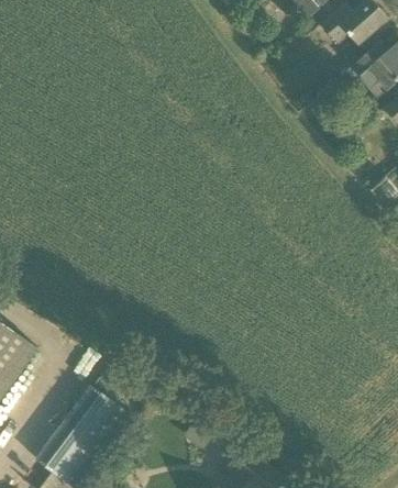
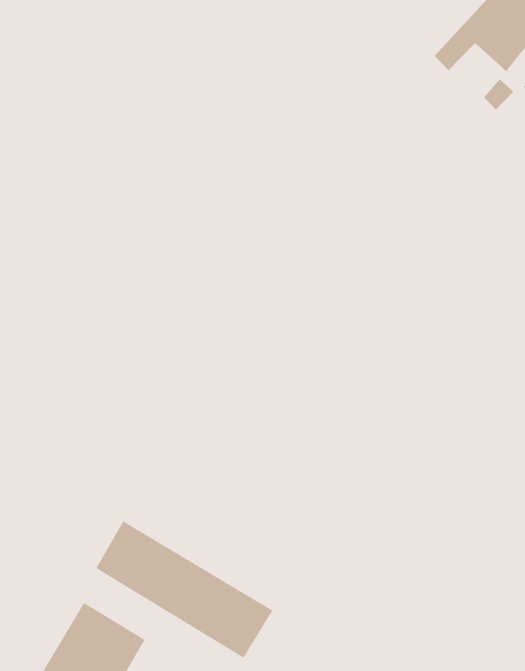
building: none -> [95,521,273,658]

